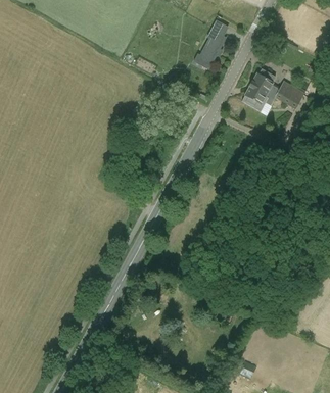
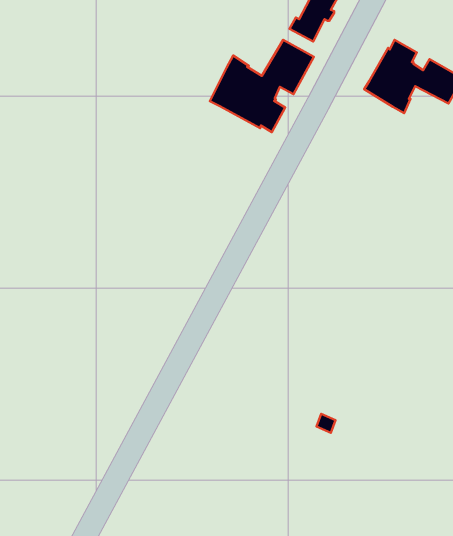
building: none -> [210,40,314,132]

